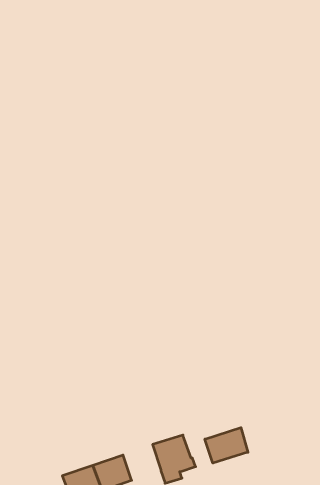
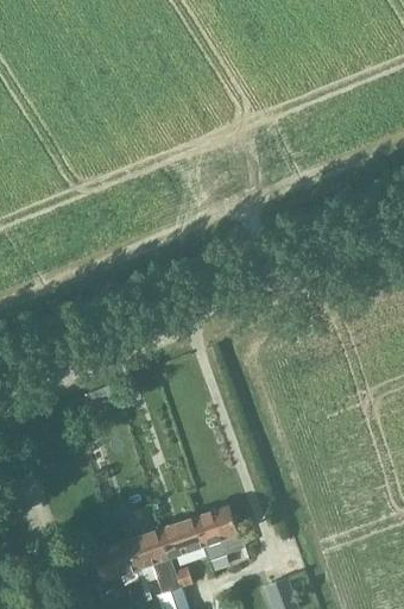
building: [205,428,248,463] -> none
building: none -> [160,519,203,559]

